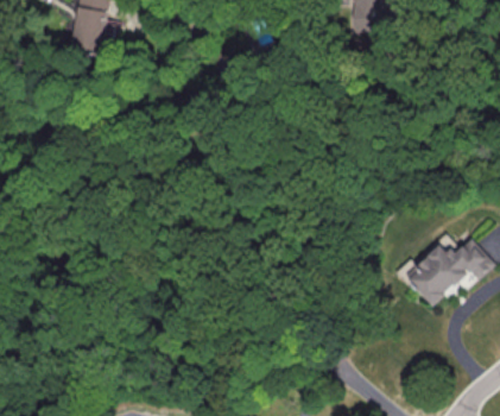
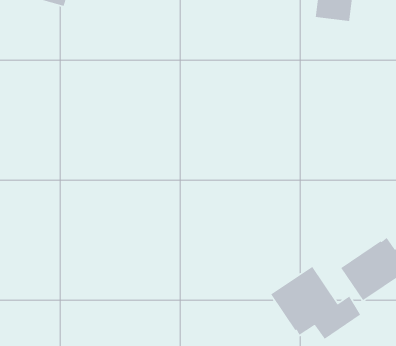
building: none -> [270,266,361,340]

